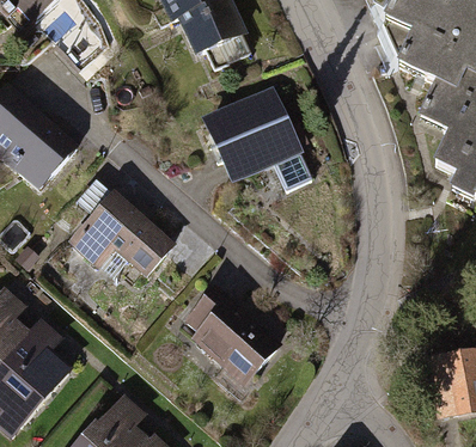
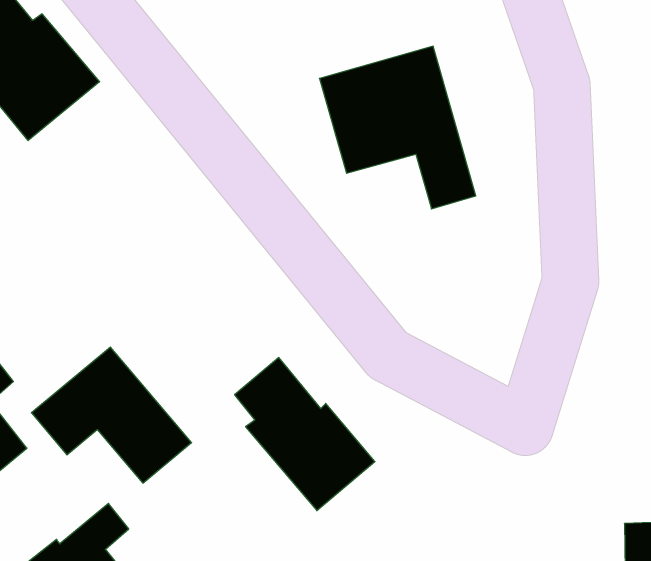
building: [74,194,172,271] -> [31,347,192,483]

